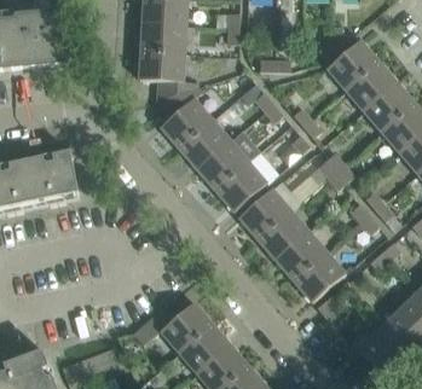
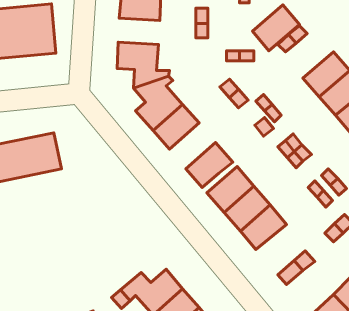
building: [140,24,186,53] -> none
building: [326,40,378,91] -> [252,5,299,51]
building: [197,140,248,191] -> none
building: [293,252,345,302] -> none

